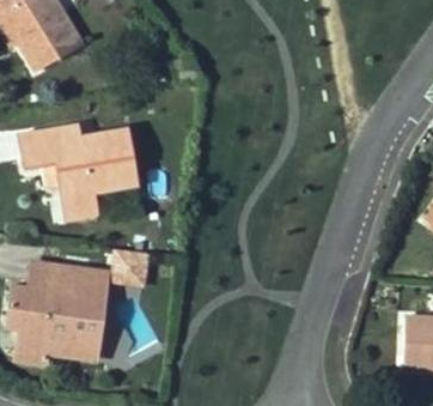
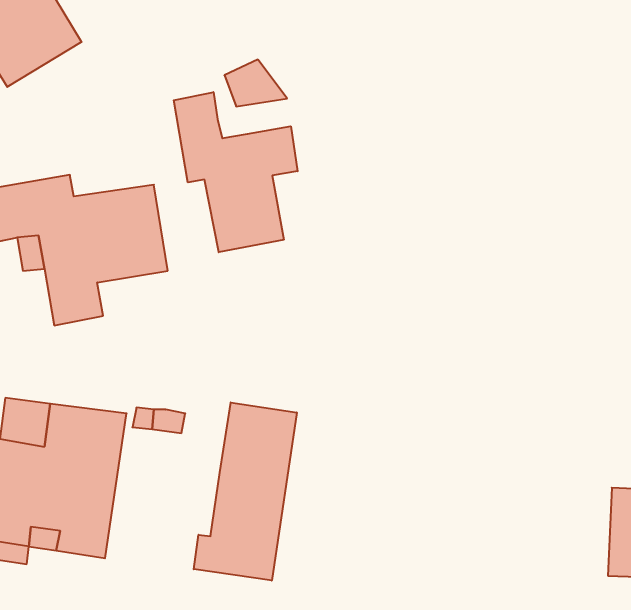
building: none -> [174,92,298,252]
building: none -> [194,402,297,581]

